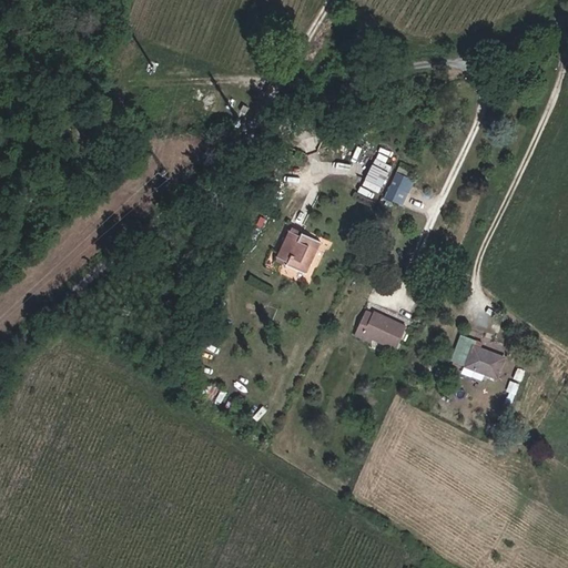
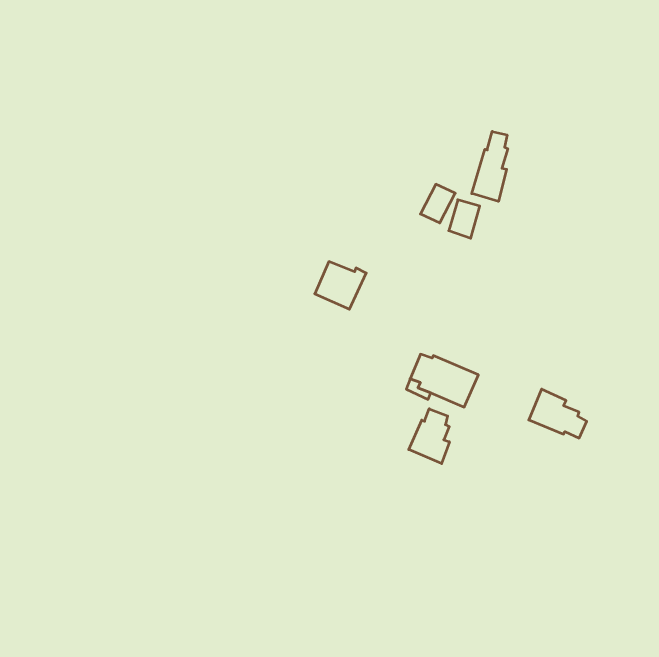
building: none -> [472,131,508,201]
building: none -> [409,409,449,464]

